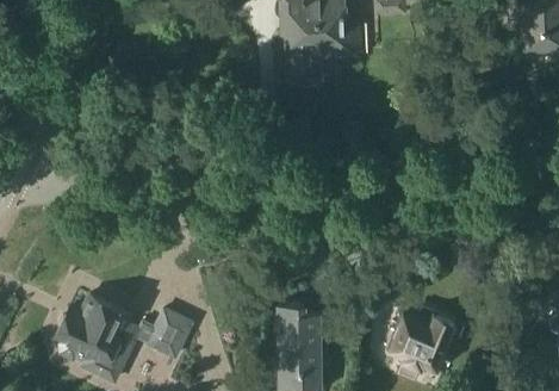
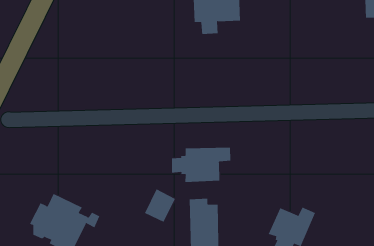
building: none -> [171,147,231,183]
building: [145,310,190,358] -> [144,188,176,223]

